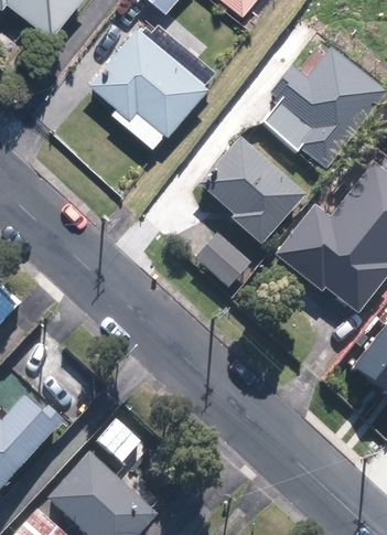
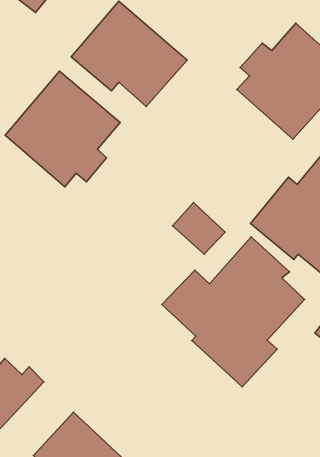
building: none -> [5,71,120,187]
building: [202,139,307,245] -> none
building: none -> [162,237,304,387]

